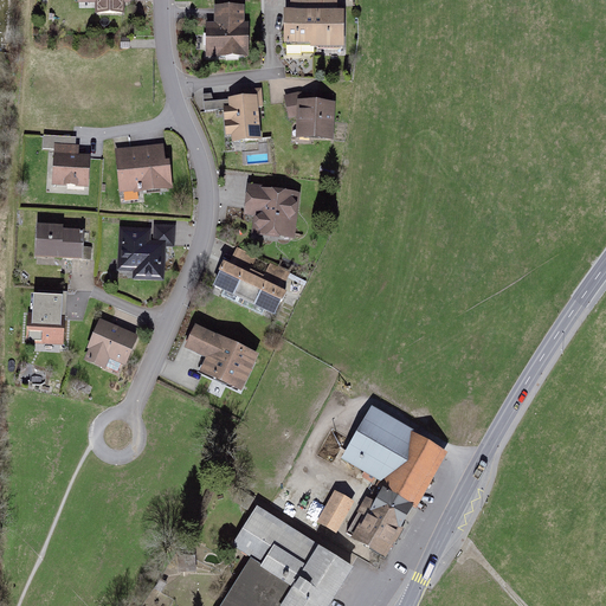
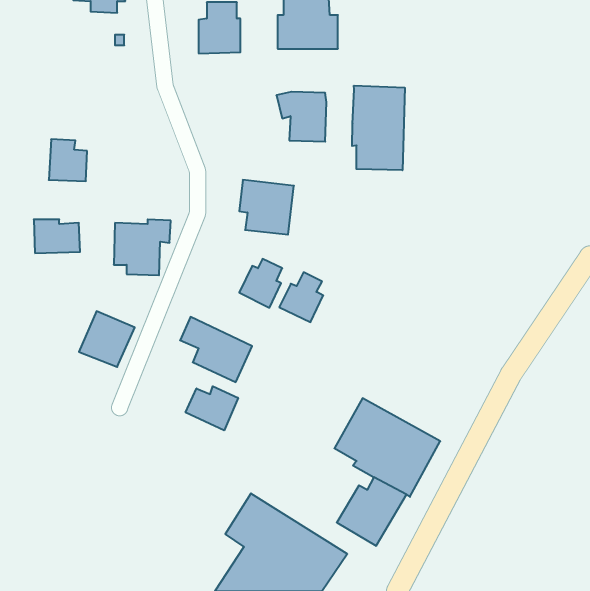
building: [220,85,260,140] -> none
building: none -> [352,86,405,170]
building: [114,142,170,194] -> none
building: [212,247,257,298] -> [279,272,323,322]
building: [25,299,63,343] -> none
building: none -> [186,386,238,430]
building: [316,489,354,533] -> none

